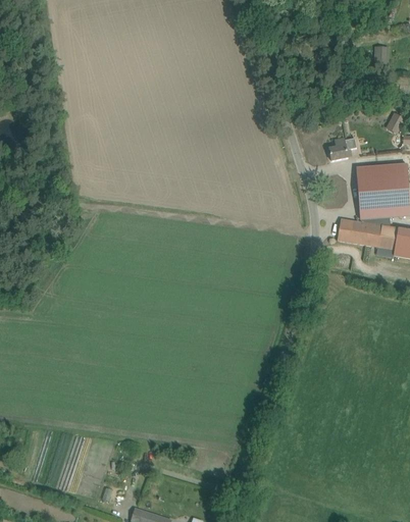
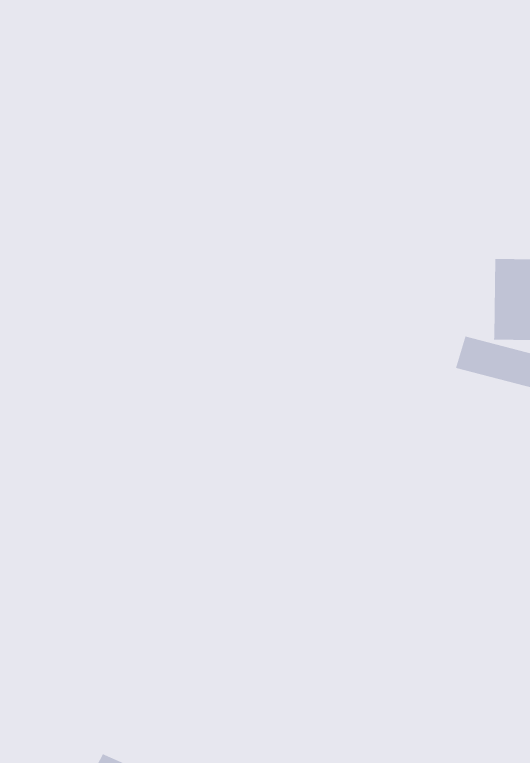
building: [328,137,356,160] -> none

